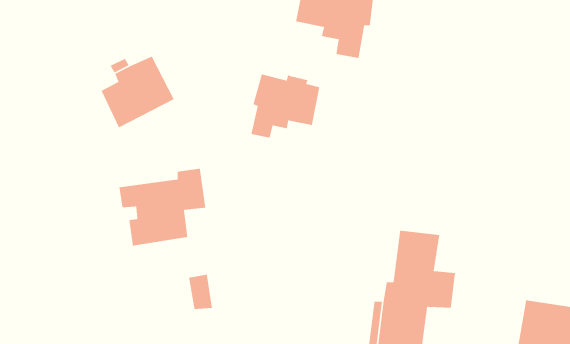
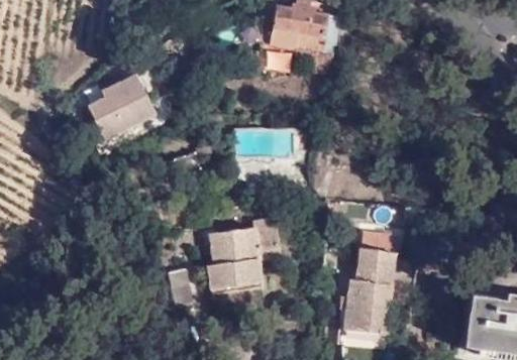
building: [250,73,320,139] -> none
building: [119,168,206,246] -> [200,217,279,287]

